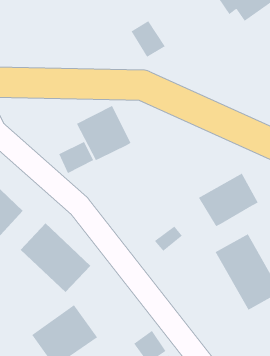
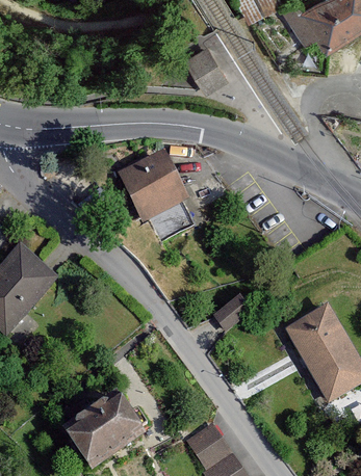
building: [58,141,94,174] -> [149,200,192,240]
building: [198,172,259,227] -> none
building: [20,223,91,293] -> none

